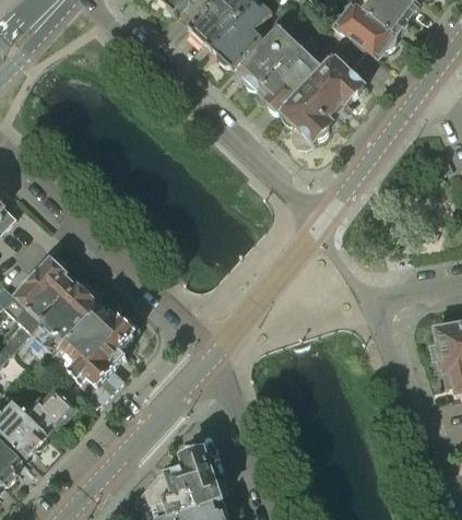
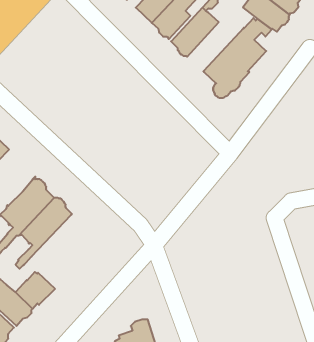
building: [258,29,322,111] -> none
building: [47,306,133,399] -> none

